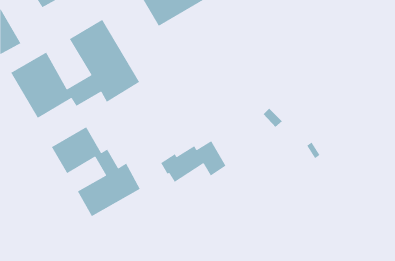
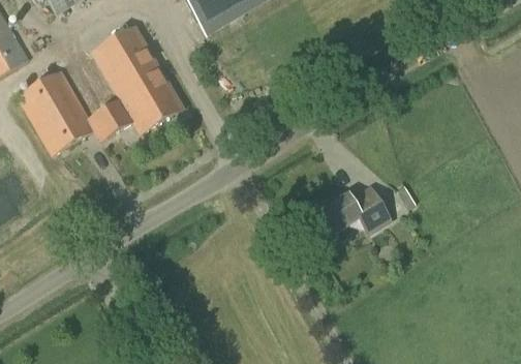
building: [51,126,141,217] -> none
building: [160,140,227,183] -> [304,185,390,240]

